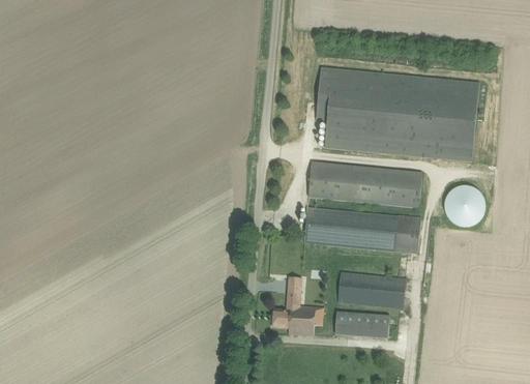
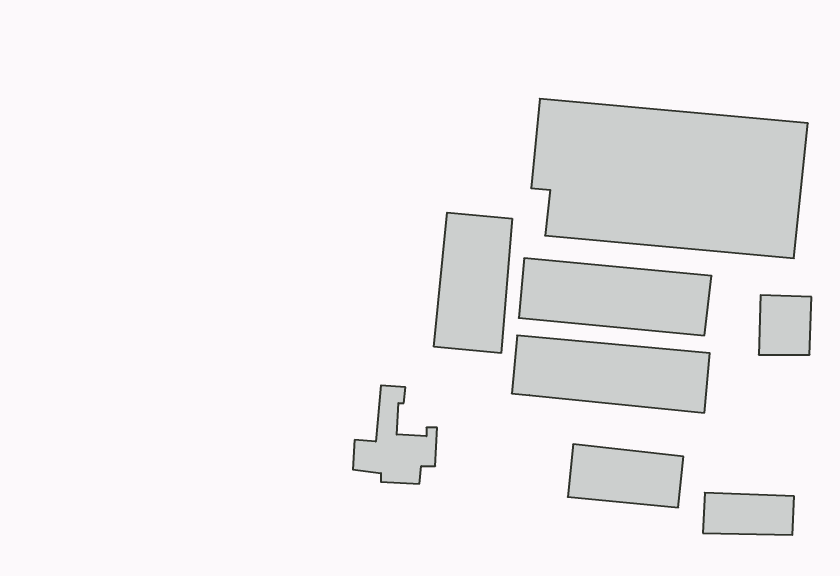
building: none -> [434,213,512,353]
building: [272,276,322,334] -> [353,385,437,484]
building: [334,311,388,335] -> [703,493,794,535]

